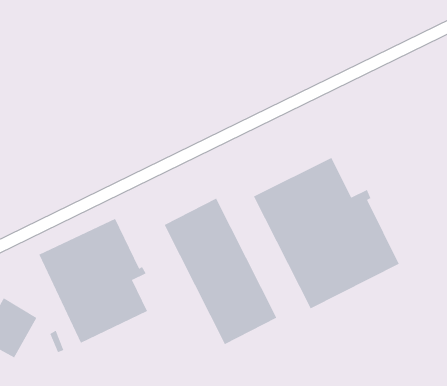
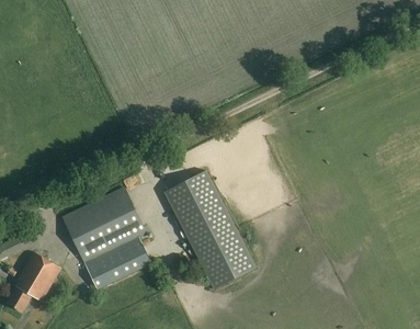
building: [253,157,400,309] -> none

